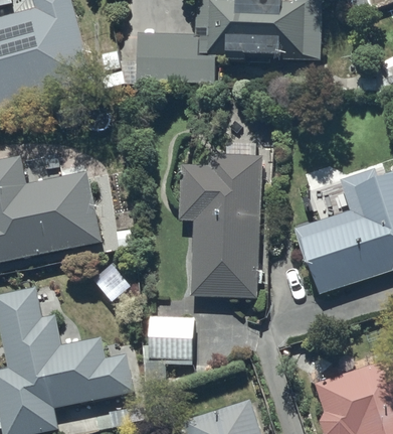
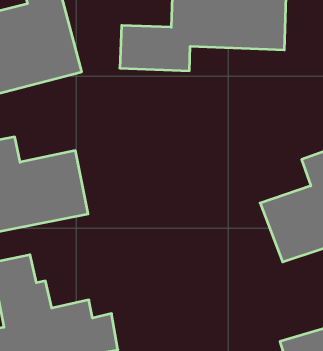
building: [178,142,261,297] -> none
building: [149,316,195,358] -> none

